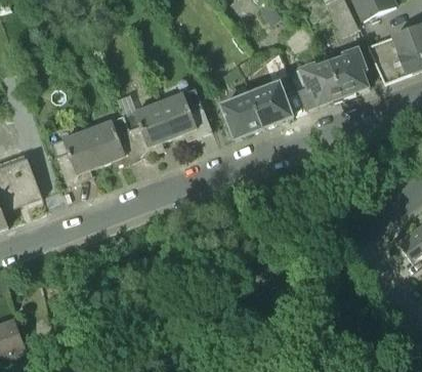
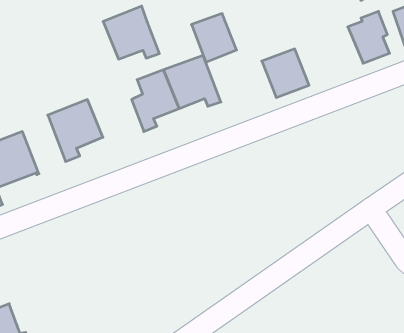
building: [298,60,344,108] -> none
building: [221,92,263,137] -> [191,14,237,62]
building: [88,114,140,163] -> [103,6,159,59]

